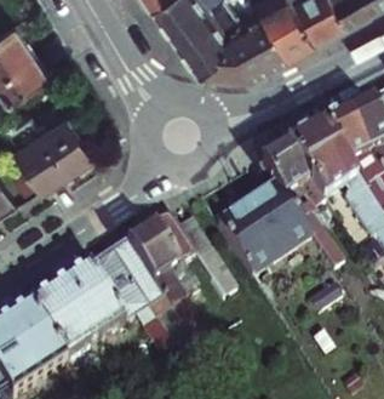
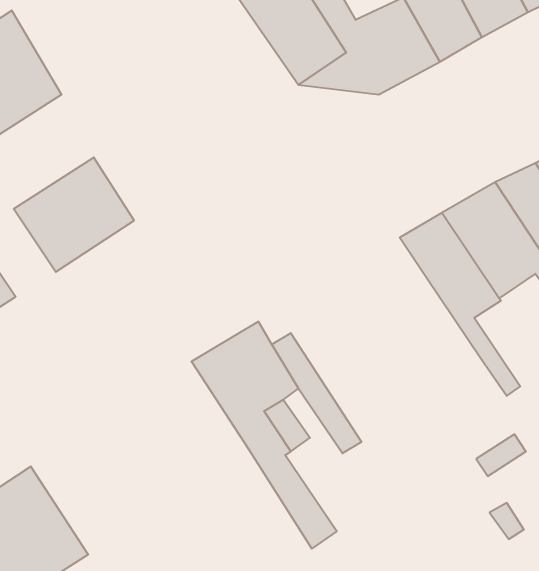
building: [220,187,314,278] -> none
building: [28,240,173,363] -> none

